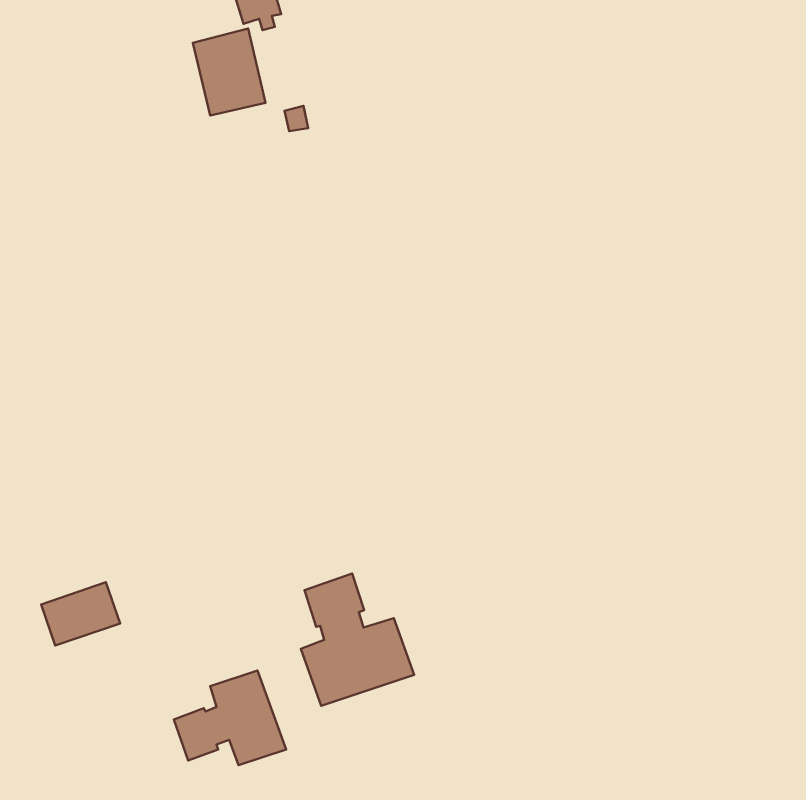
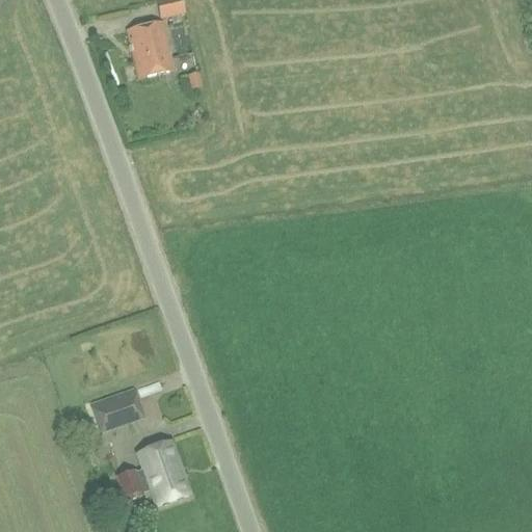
building: [301,573,414,706] -> none
building: [41,582,120,646] -> [91,388,143,429]

